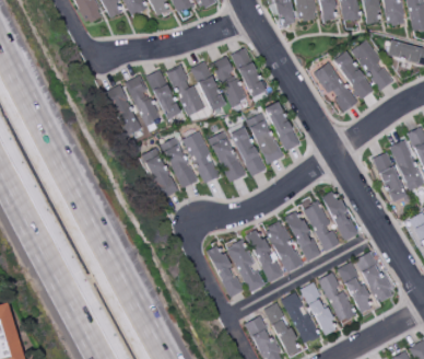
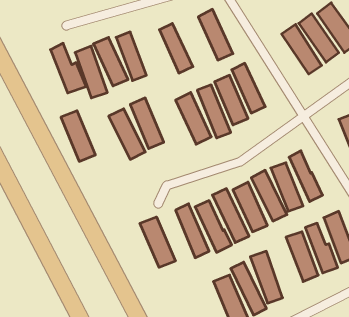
building: [212,56,247,106] -> none
building: [169,65,205,115] -> [50,43,86,93]
building: [185,131,220,183] -> [61,111,95,161]
building: none -> [140,217,175,267]
building: [302,282,338,336] -> none

